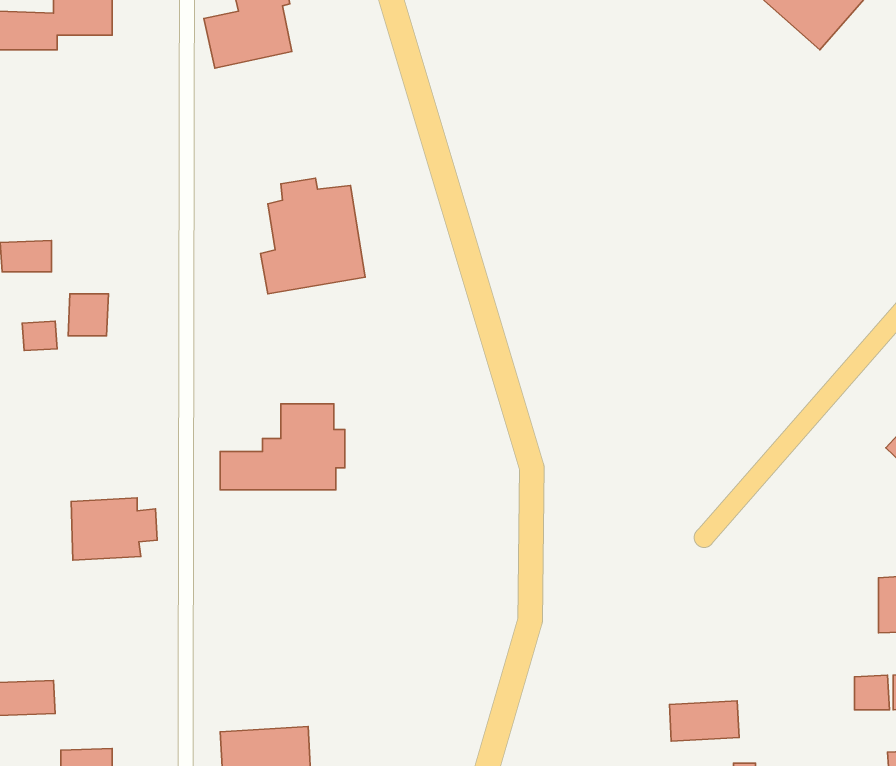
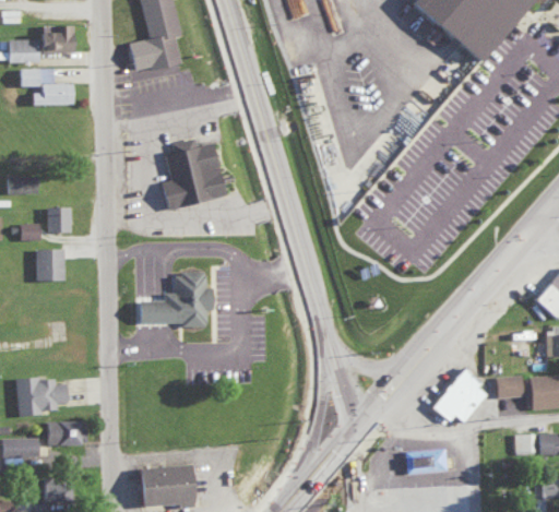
building: none -> [19,69,73,105]
building: none -> [36,248,64,281]
building: [71,498,157,560] -> [16,377,68,414]
building: none -> [430,367,487,422]
building: none -> [497,376,523,397]
building: none -> [47,420,86,445]

